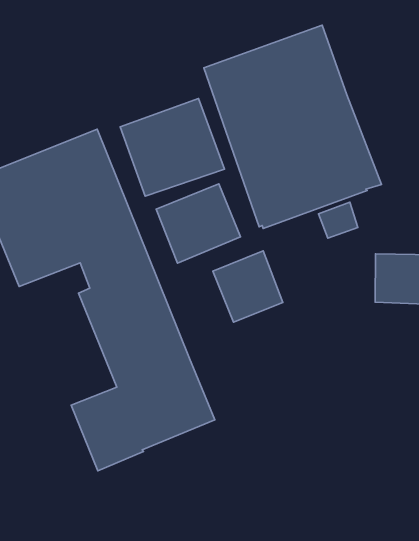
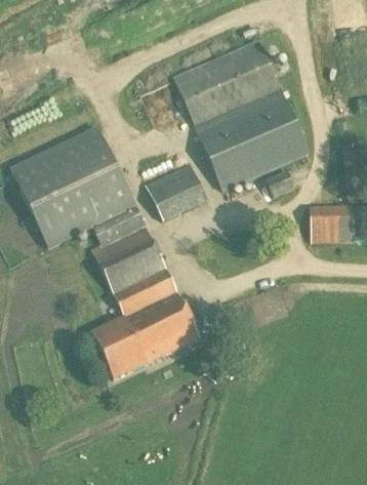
building: [120,98,225,196] -> none
building: [213,251,283,322] -> none

